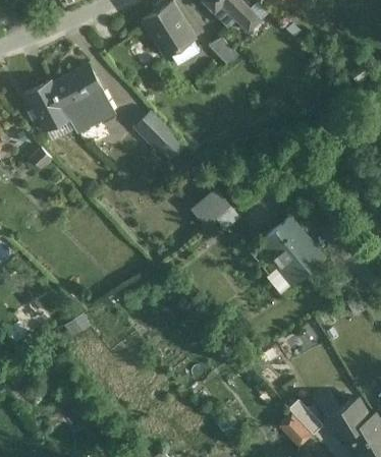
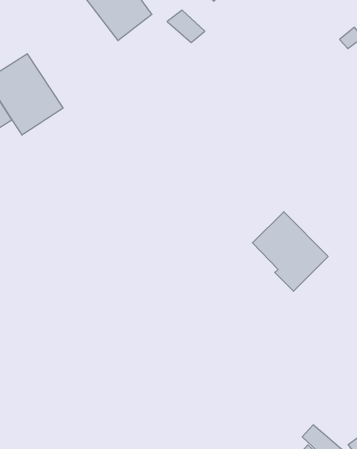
building: [137,114,173,152] -> none
building: [189,187,239,229] -> none

